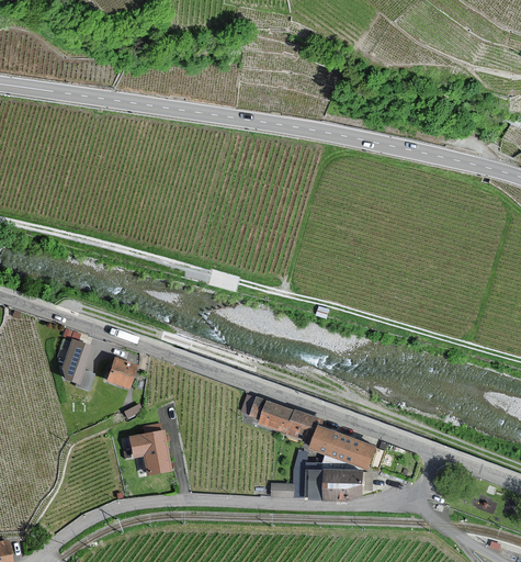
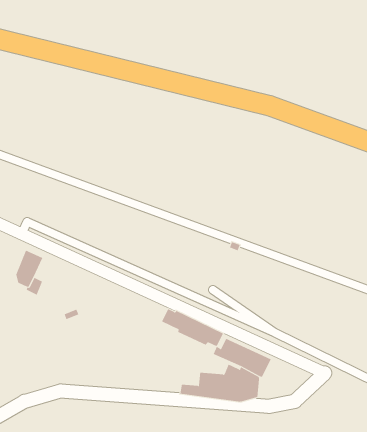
building: [104,358,136,389] -> none
building: [128,430,170,475] -> none

